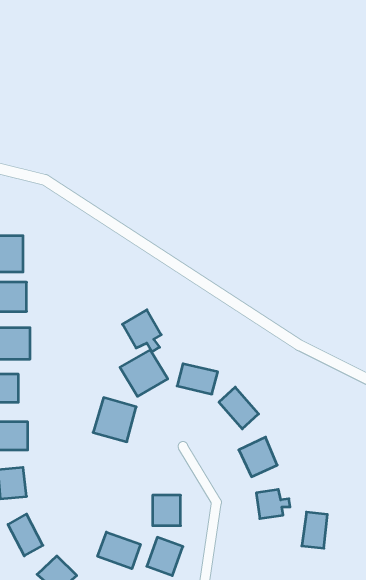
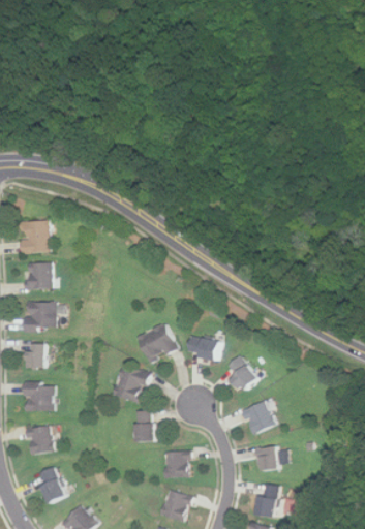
building: [122,310,161,352] -> none
building: none -> [134,410,154,442]
building: [302,512,327,548] -> [255,484,278,516]
building: [98,532,140,569] -> none

